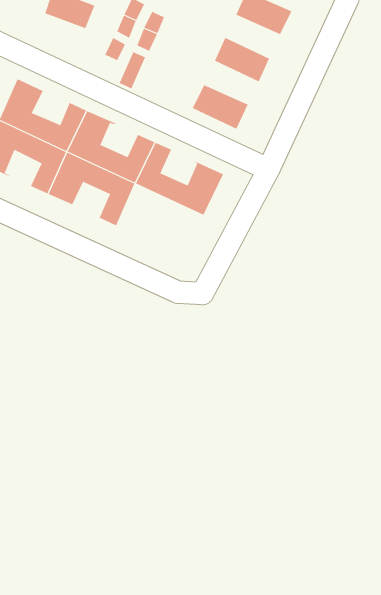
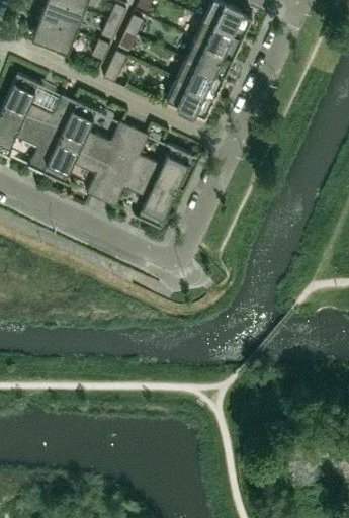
building: none -> [31,17,75,52]
building: none -> [194,18,242,56]
building: none -> [176,58,224,95]
building: none -> [101,163,176,227]

